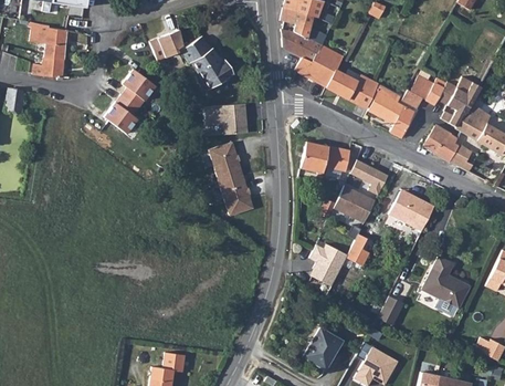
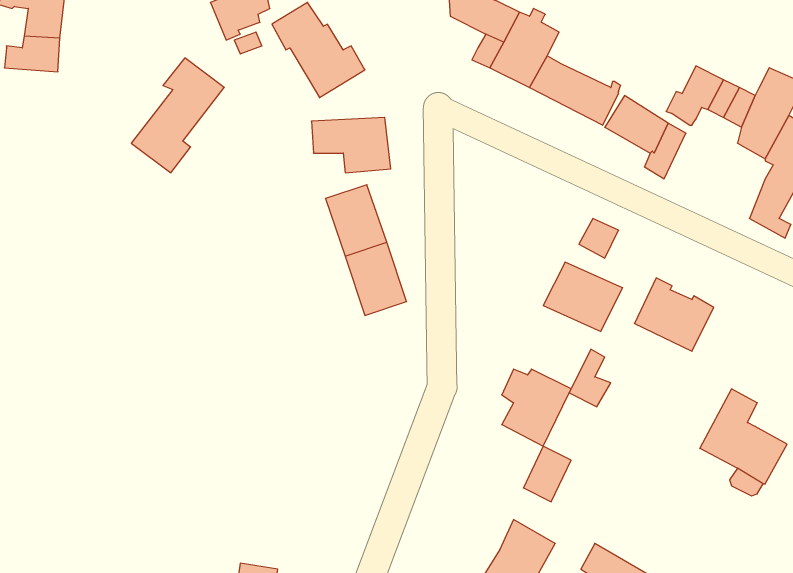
building: [422,124,457,159] -> none
building: [299,139,349,171] -> none
building: [377,294,403,325] -> [523,446,571,502]

